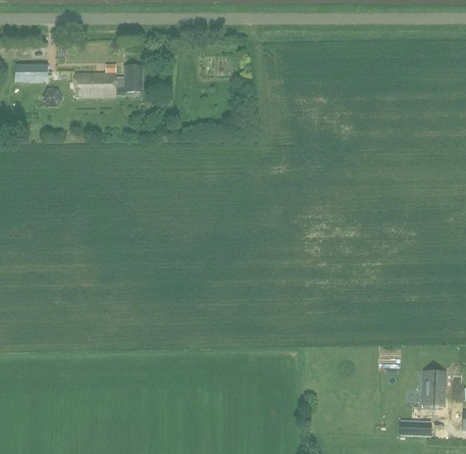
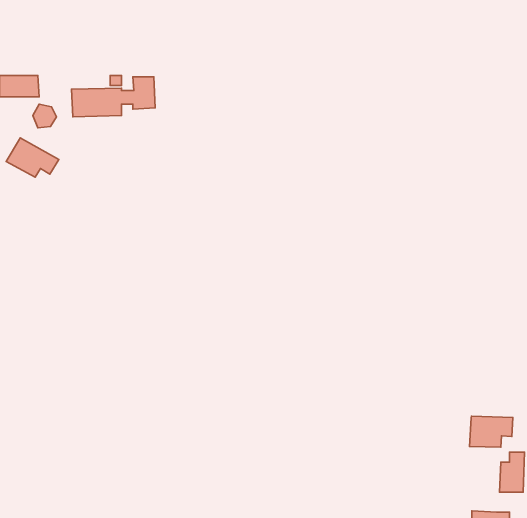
building: none -> [6,138,59,177]
building: none -> [470,416,513,447]

